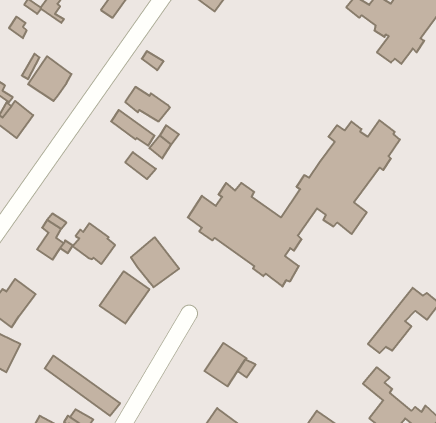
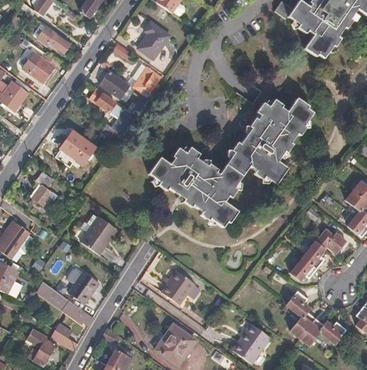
building: none -> [135,21,168,58]
building: none -> [37,26,69,53]
building: none -> [132,66,159,97]
building: [73,223,115,264] -> [59,129,92,161]
building: [131,237,179,287] -> none
building: none -> [67,272,98,304]

